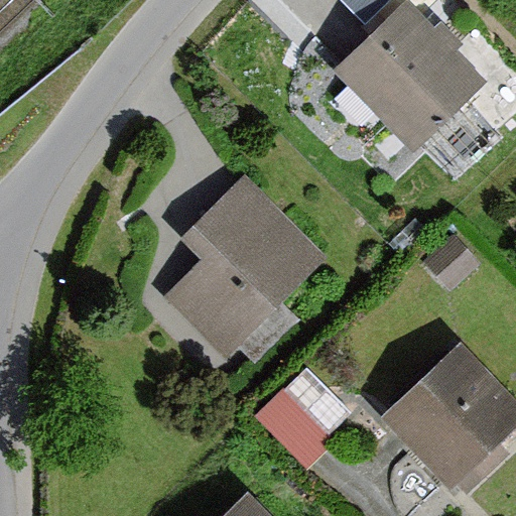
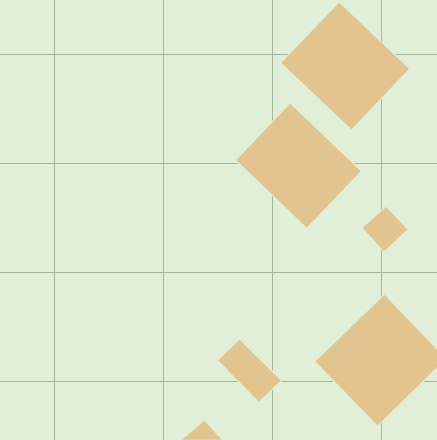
building: none -> [235,103,362,229]
building: [167,177,330,358] -> none

